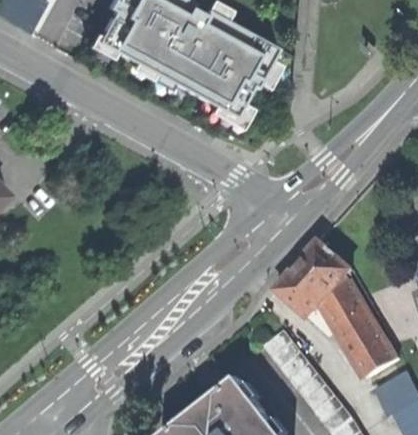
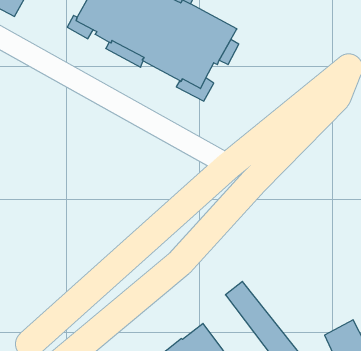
building: [275,241,398,377] -> none

